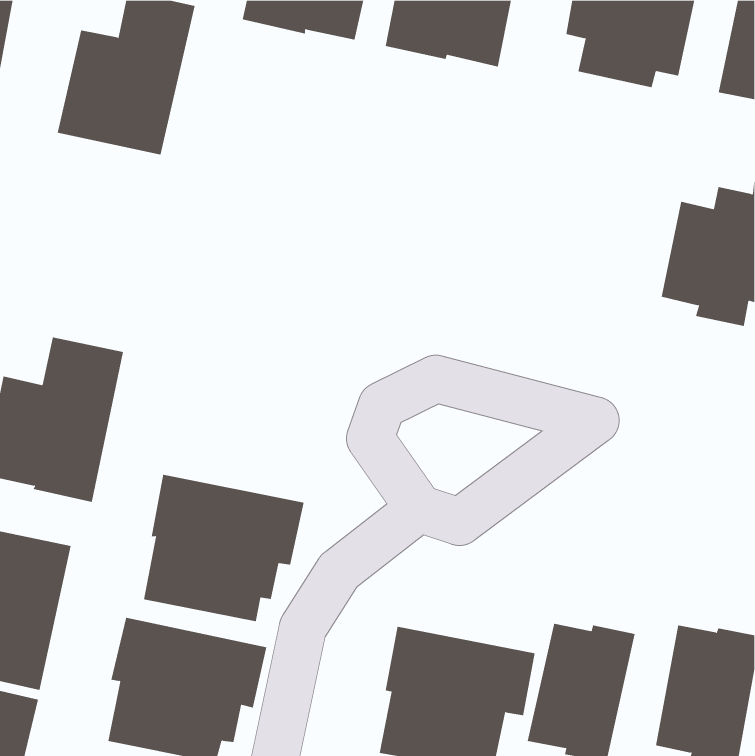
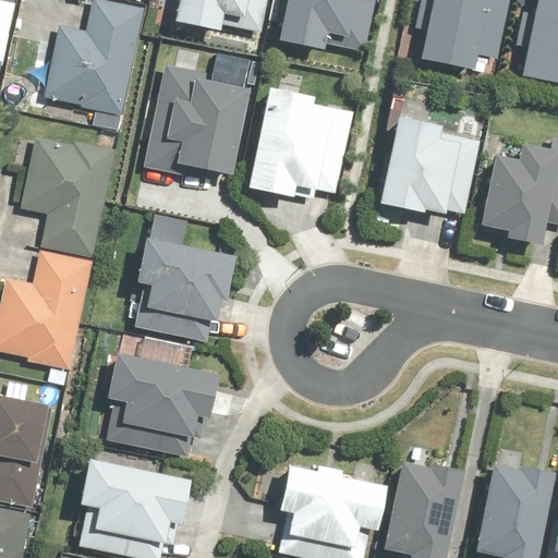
building: none -> [143,66,252,175]
building: none -> [251,80,355,199]
building: none -> [379,112,480,216]
building: none -> [19,138,112,259]
building: none -> [133,234,239,344]

